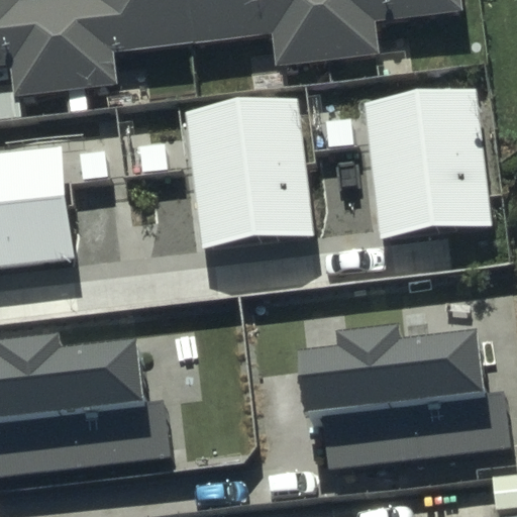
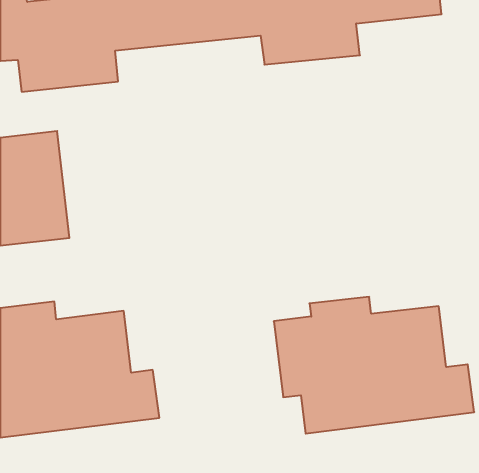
building: [364,83,489,233] -> none
building: [186,97,311,246] -> none

